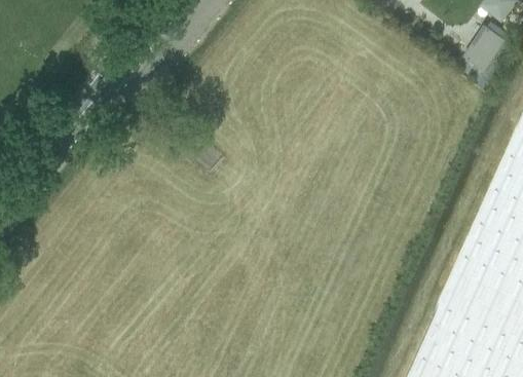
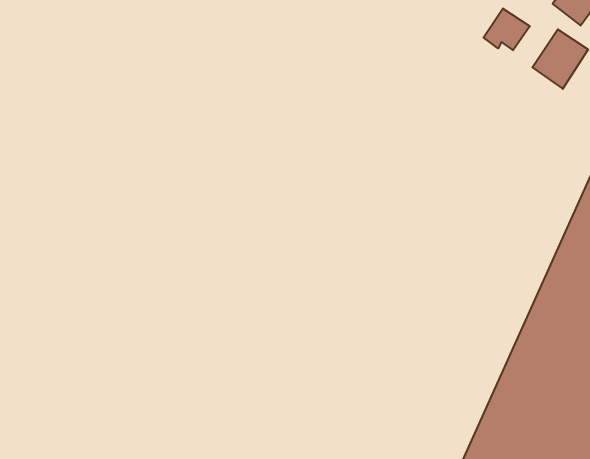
building: none -> [484,8,530,50]

